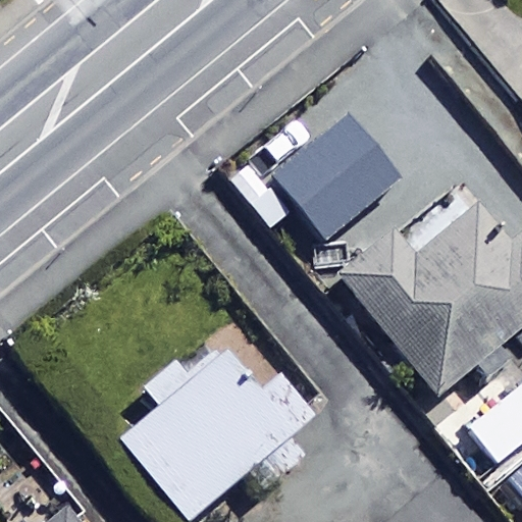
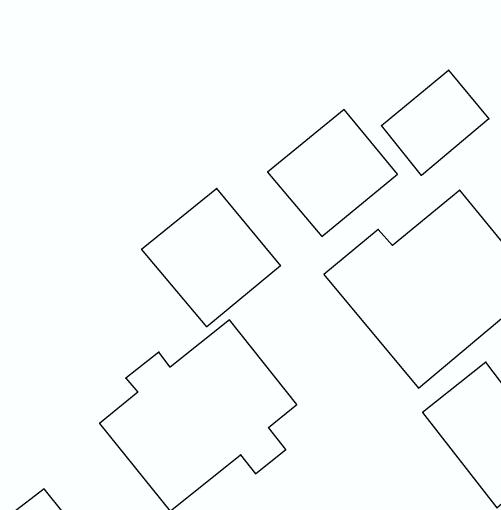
building: none -> [381,70,489,175]
building: none -> [142,188,280,327]

